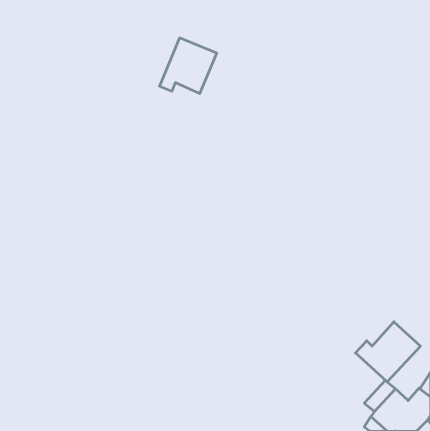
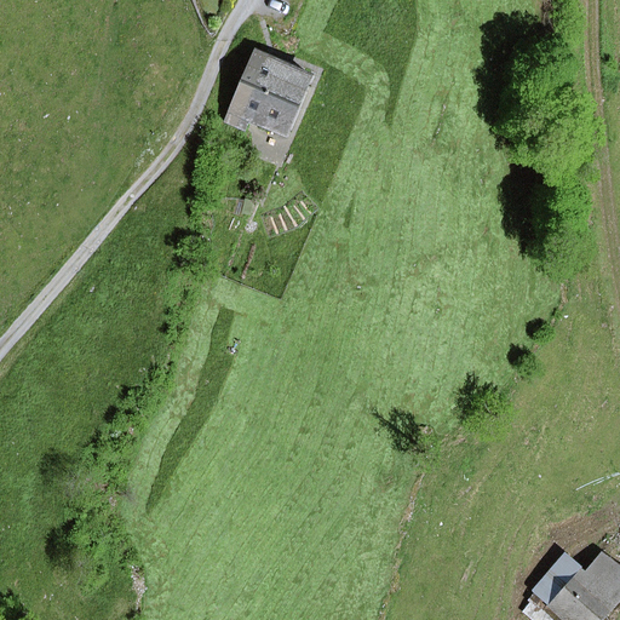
building: [355,322,420,382] -> none

